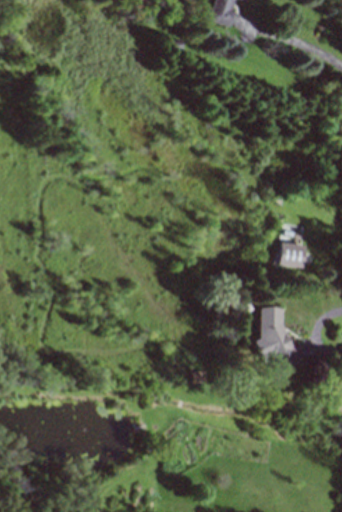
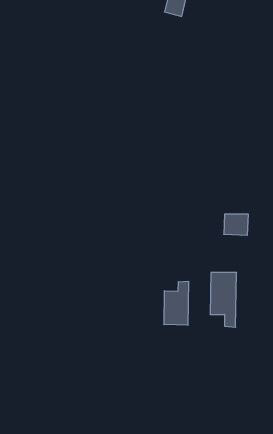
building: none -> [164,281,189,325]

